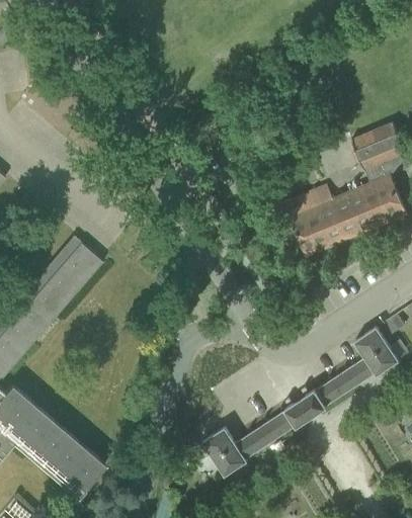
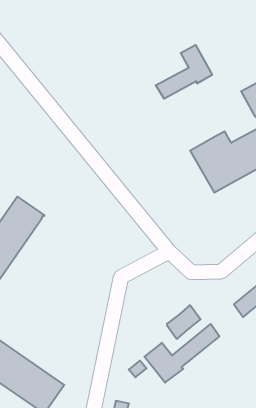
building: none -> [156,45,212,99]
building: [284,391,325,429] -> [167,305,201,339]

